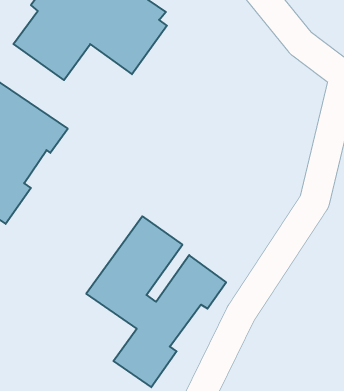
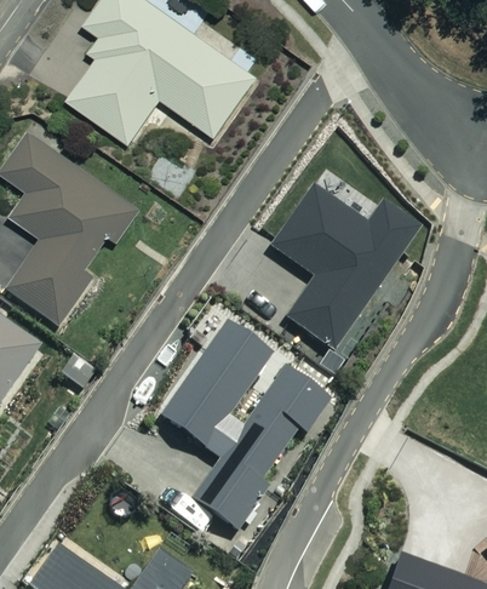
building: none -> [268,184,419,351]

